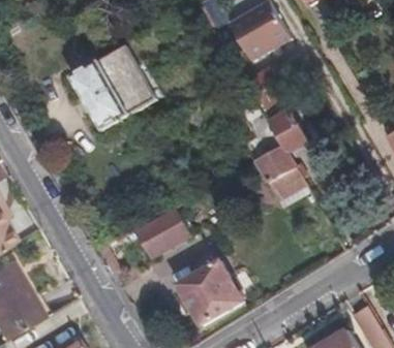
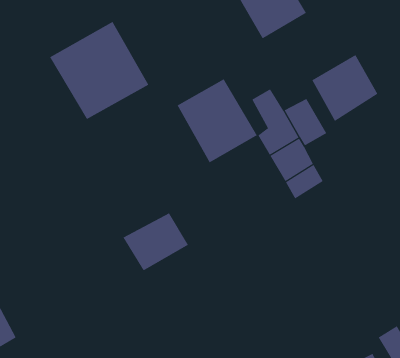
building: none -> [311,54,378,122]
building: none -> [177,78,257,163]
building: [179,261,244,326] -> none

